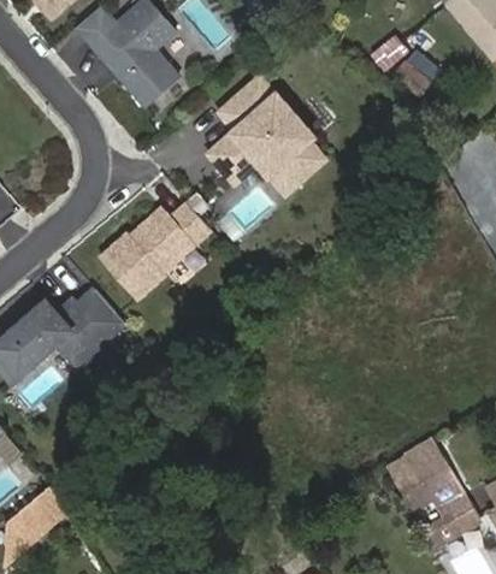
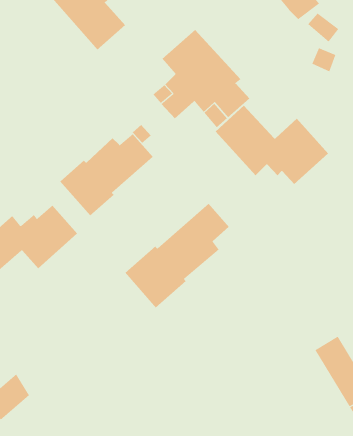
building: none -> [215,105,329,185]
building: none -> [125,203,230,308]

